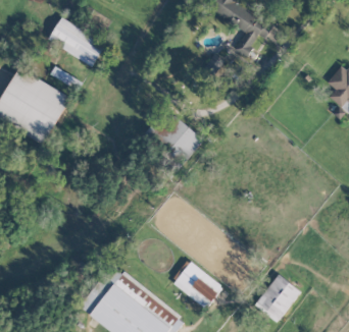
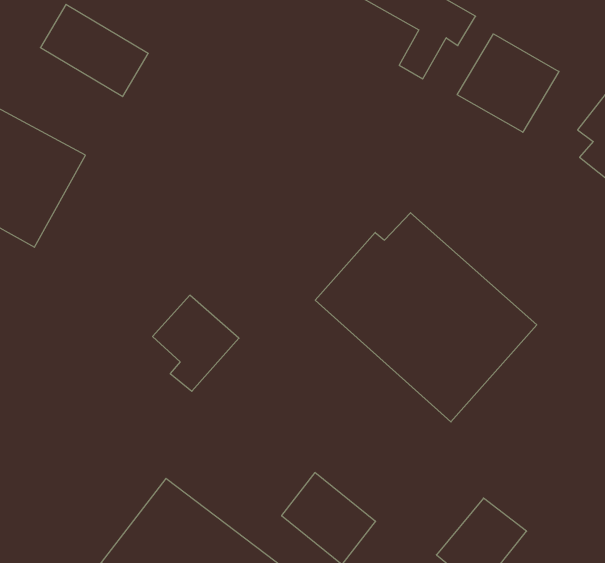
building: none -> [457,34,559,132]
building: [158,117,203,167] -> [153,295,239,391]
building: none -> [315,213,537,422]

